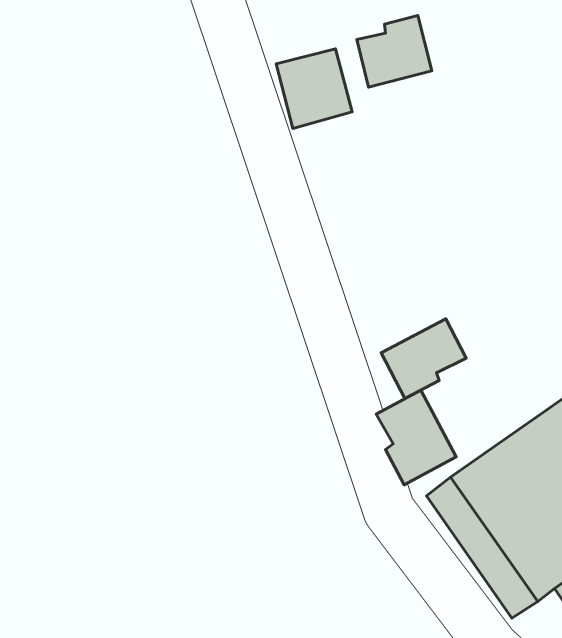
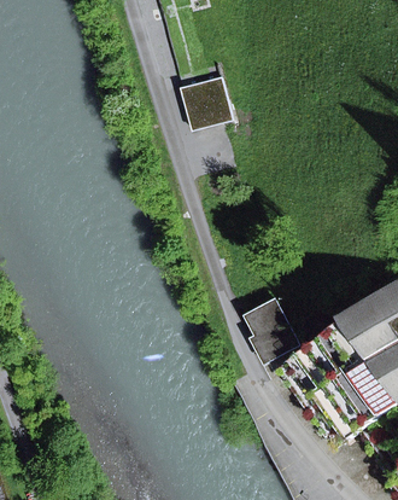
building: [357,16,432,87] -> none
building: [381,319,466,399] -> none

